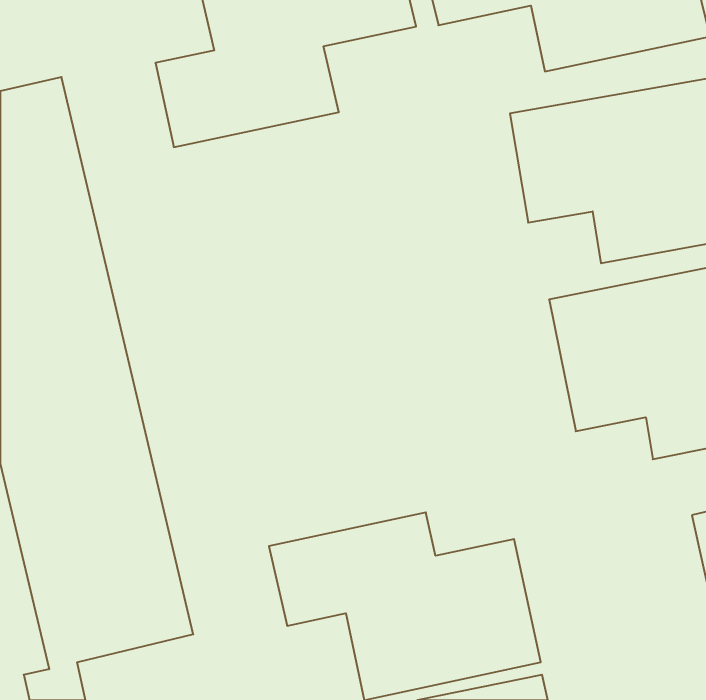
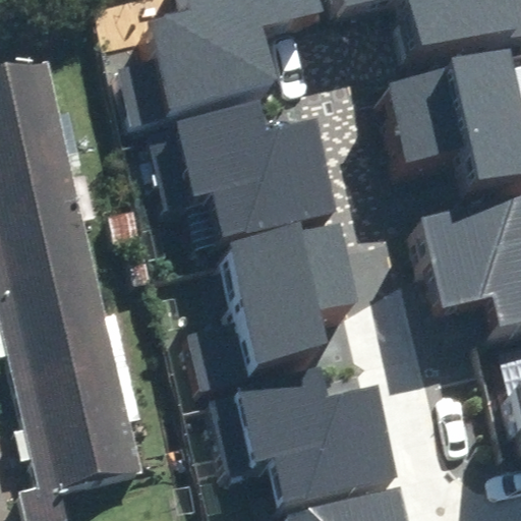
building: none -> [144,99,341,234]
building: none -> [180,222,357,380]

